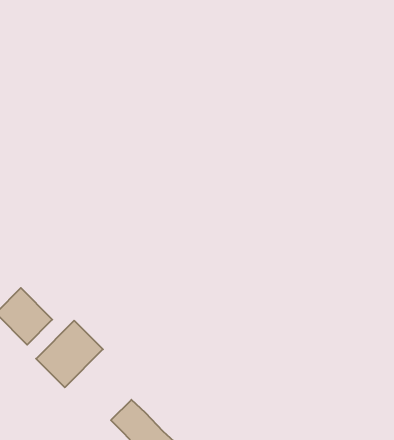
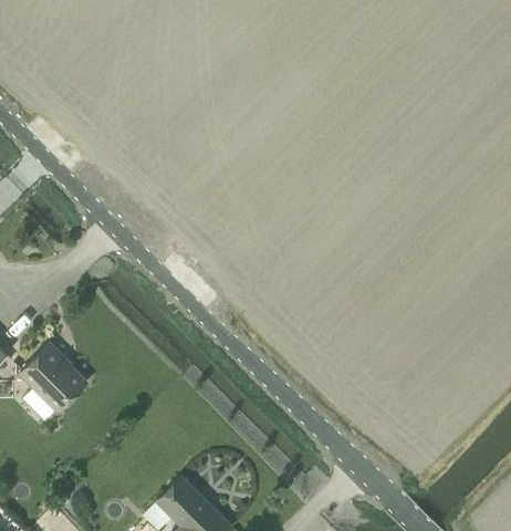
building: [36,321,103,387] -> none

